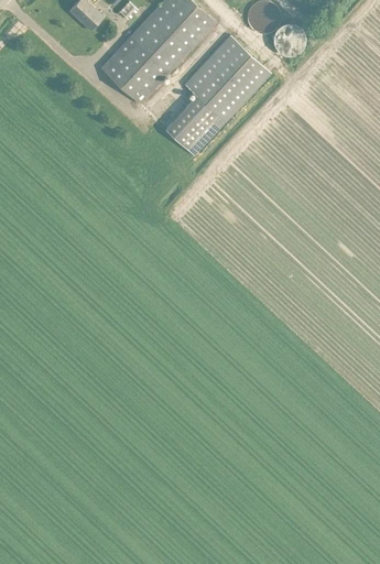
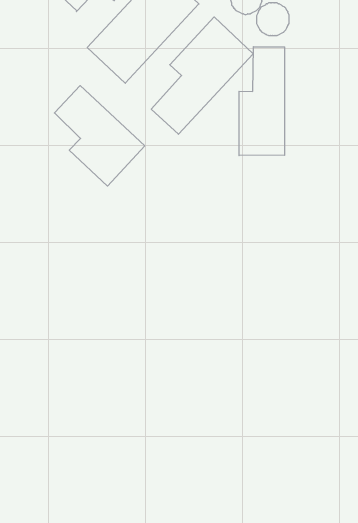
building: none -> [239,47,285,156]
building: none -> [54,86,145,186]

